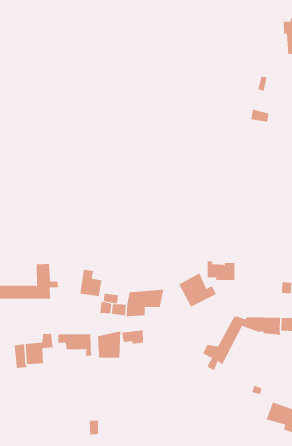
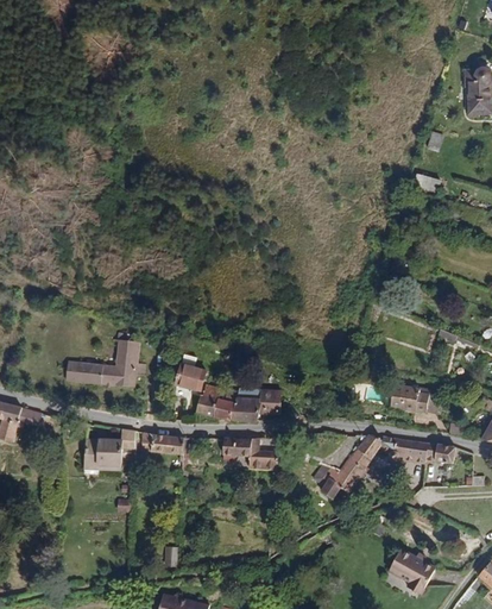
building: [207,261,235,280] -> [387,383,425,412]
building: [178,273,217,308] -> none
building: [97,331,121,358] -> [247,435,279,470]

